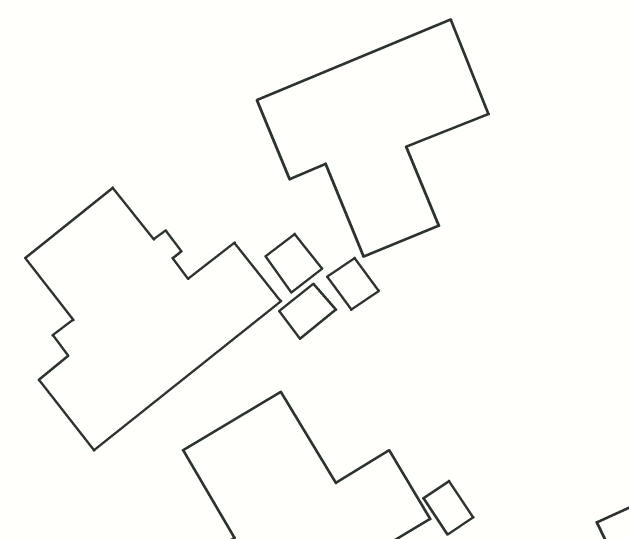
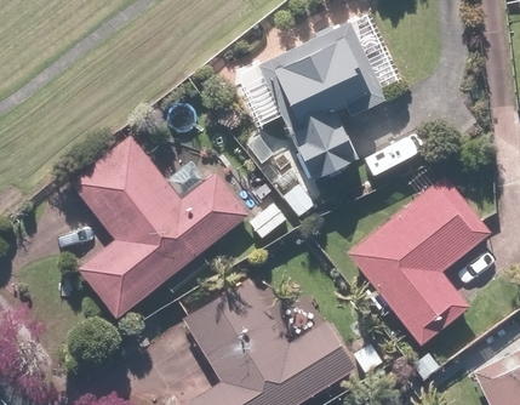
building: none -> [348,165,490,349]

